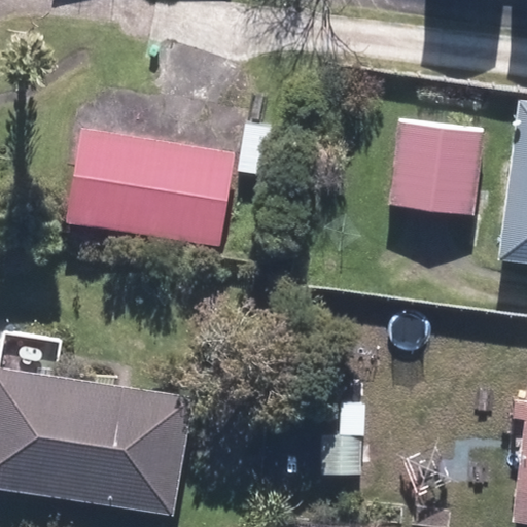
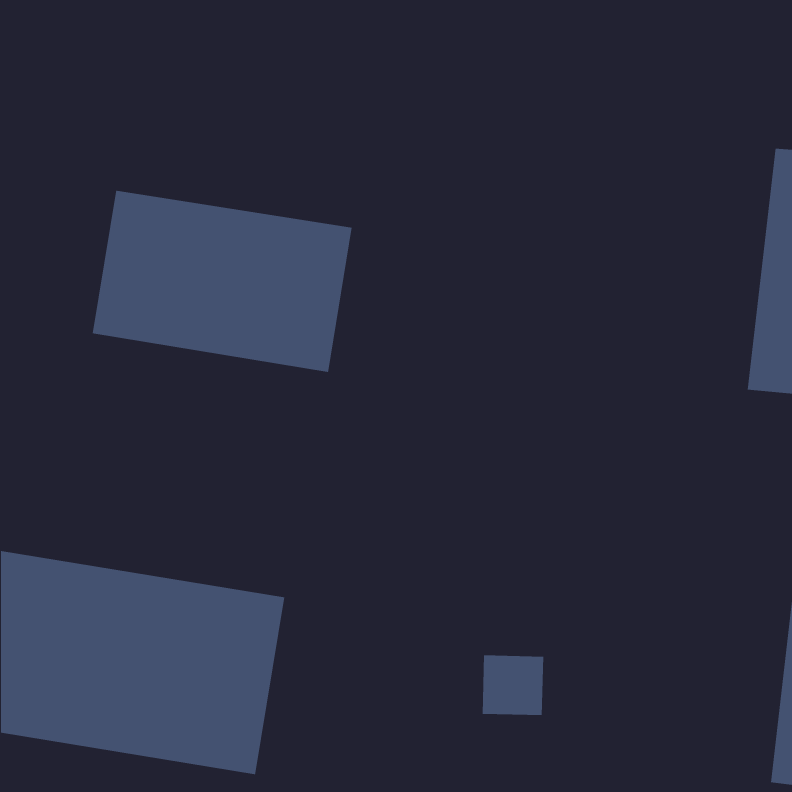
building: [391,124,486,215] -> none

